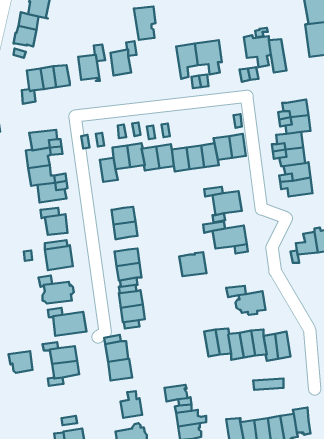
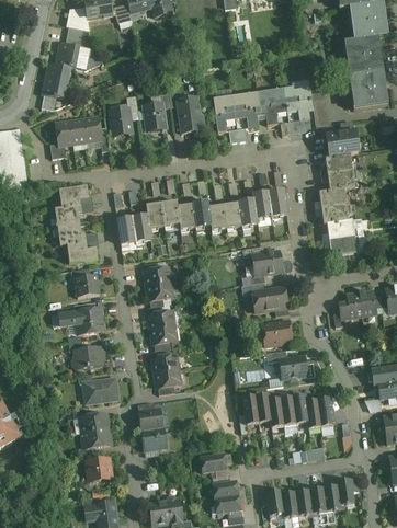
building: [134,6,156,40] -> [177,96,200,131]
building: none -> [258,88,287,124]
building: none -> [327,130,358,157]
building: none -> [117,217,137,251]
building: [179,252,206,276] -> [262,320,291,345]
building: [8,351,32,373] -> [86,457,111,480]
building: [121,391,142,418] -> none

